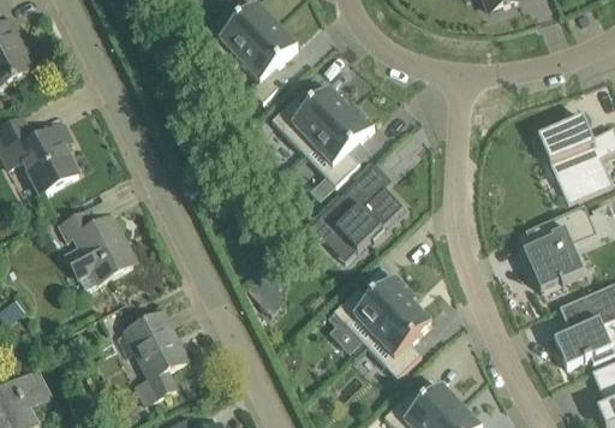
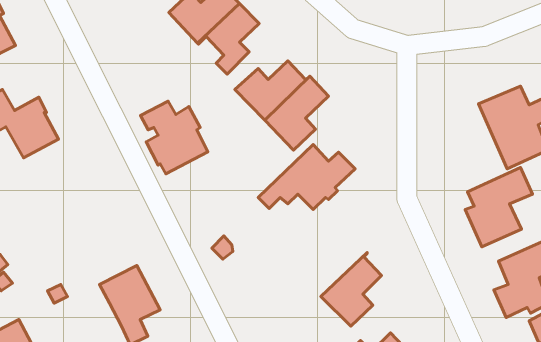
building: [59,209,132,289] -> [140,101,208,174]
building: [334,275,416,345] -> none

